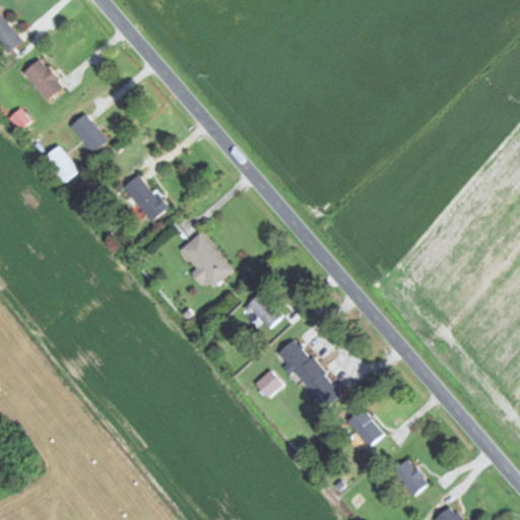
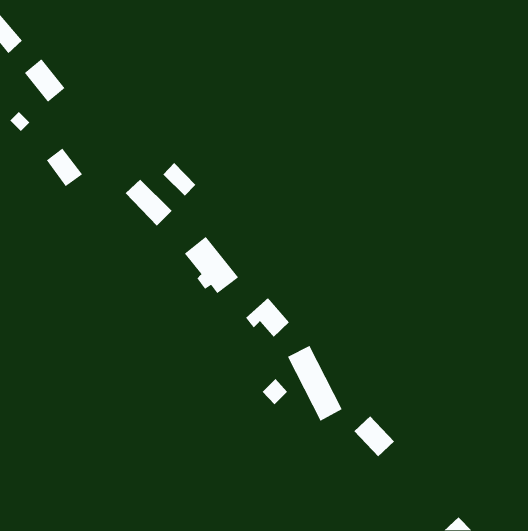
building: [70,113,109,153] -> none
building: none -> [163,162,196,196]
building: [391,457,429,496] -> none

